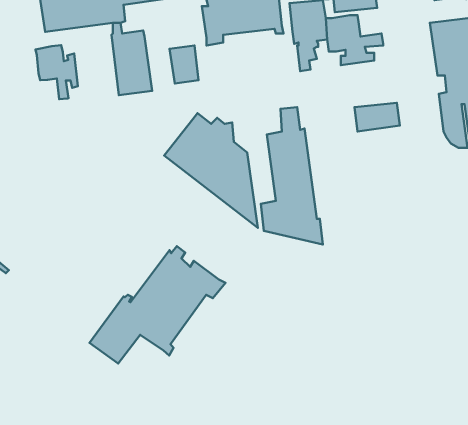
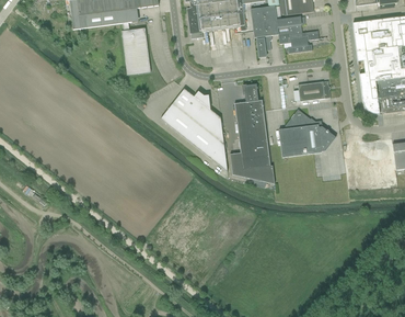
building: [36,45,78,99] -> none
building: [169,45,199,83] -> none
building: none -> [279,107,336,157]
building: [89,246,225,363] -> none

